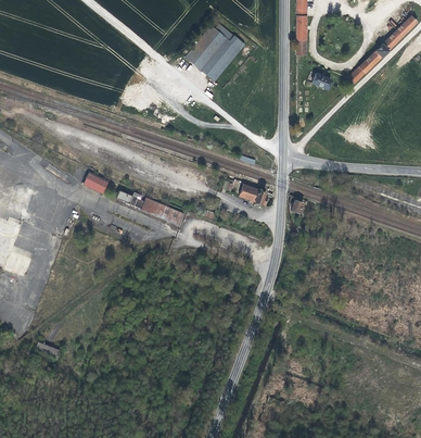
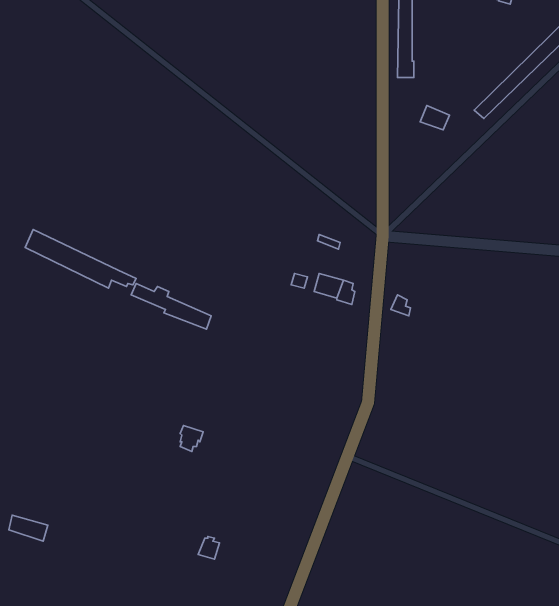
building: [187,23,242,82] -> none

